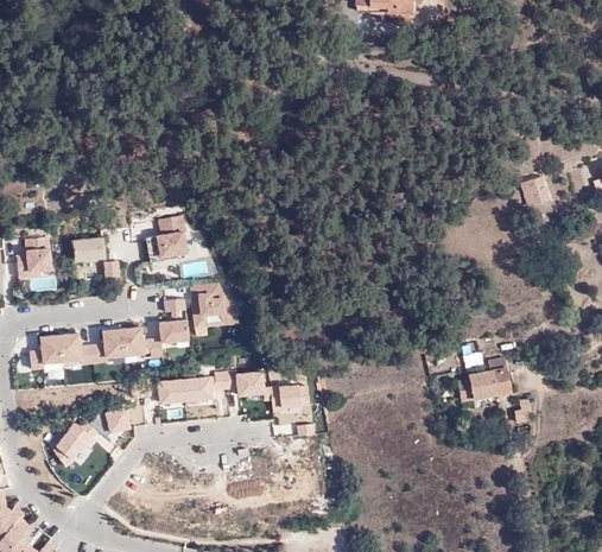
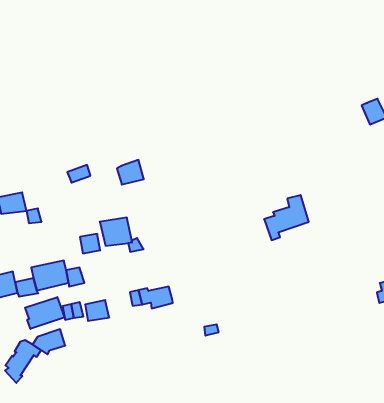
building: [156,229,186,256] -> [117,160,144,185]
building: [158,319,190,343] -> none
building: [457,359,511,408] -> [264,195,309,240]
building: none -> [25,297,65,329]
building: [185,377,214,401] -> none
building: [272,386,311,408] -> none

